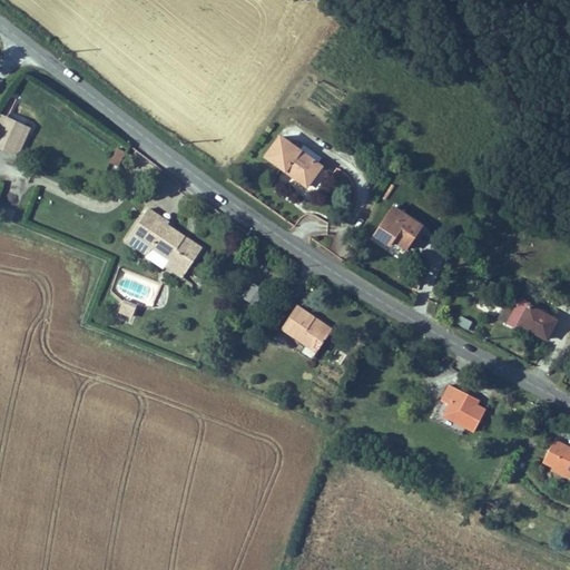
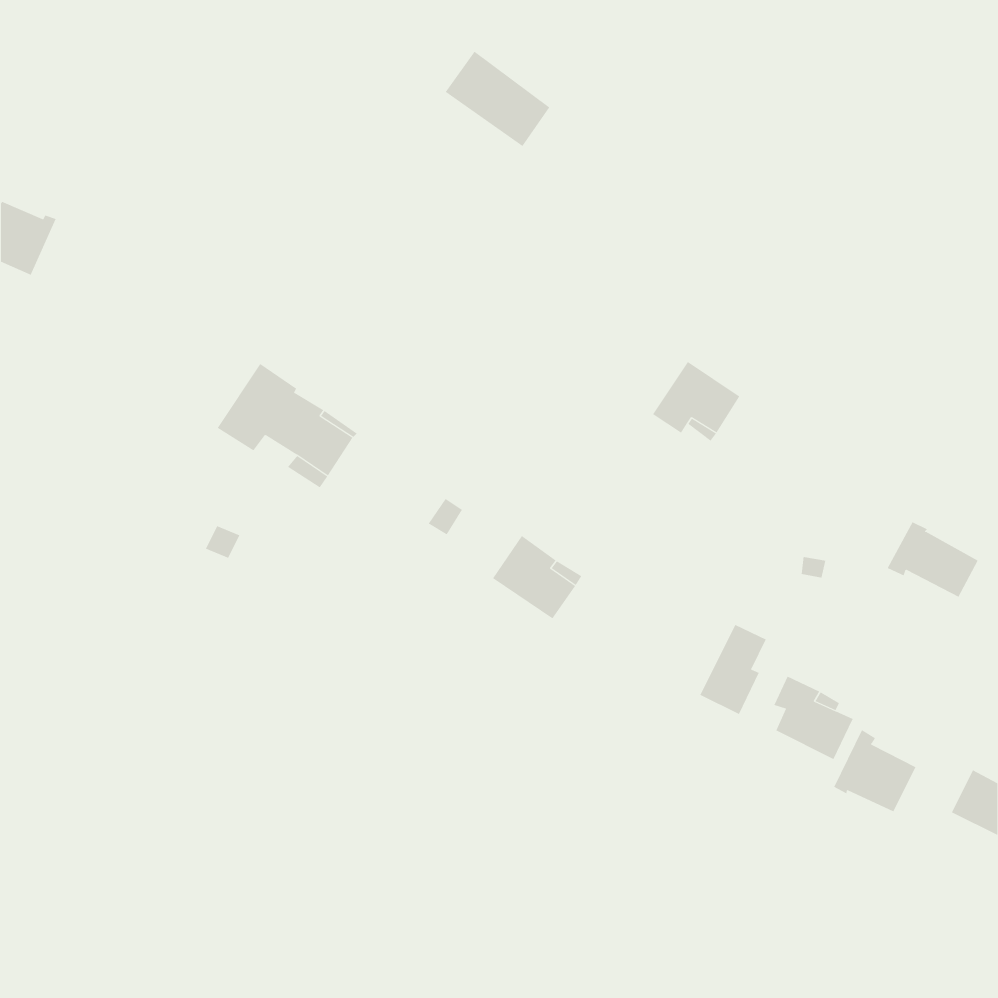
building: [263,134,323,188] -> [445,51,550,147]
building: none -> [699,624,767,715]
building: none -> [834,729,916,812]

